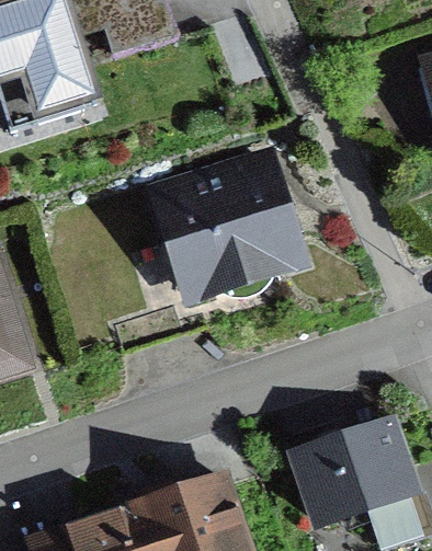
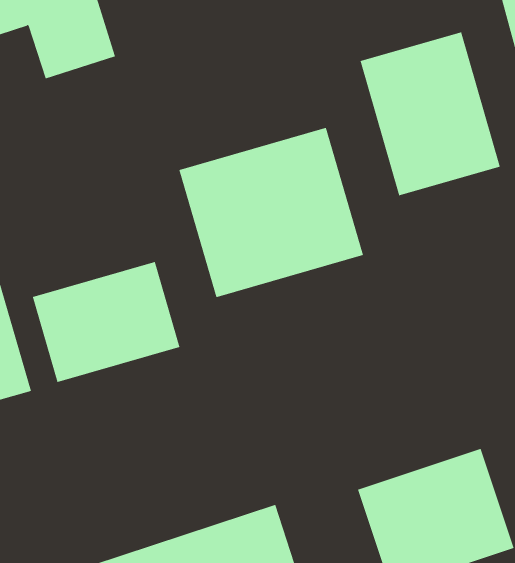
building: none -> [360,31,501,196]
building: none -> [32,261,180,383]

